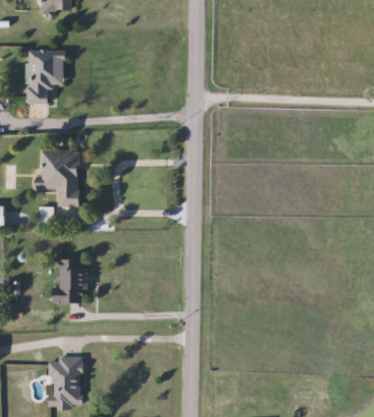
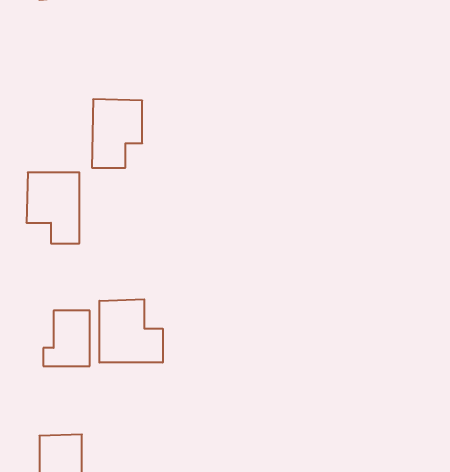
building: [24,50,64,104] -> [92,99,142,168]
building: none -> [99,299,163,363]

